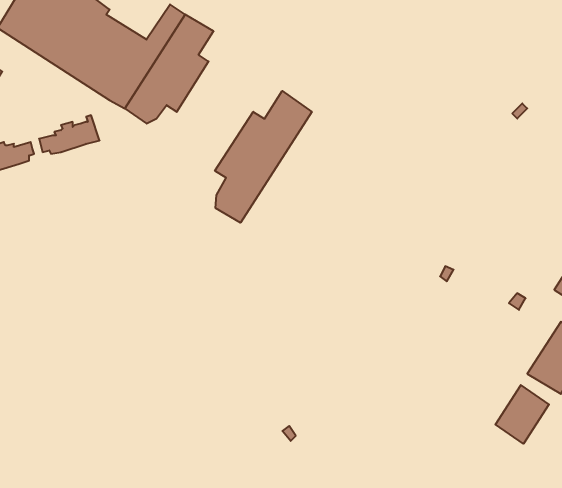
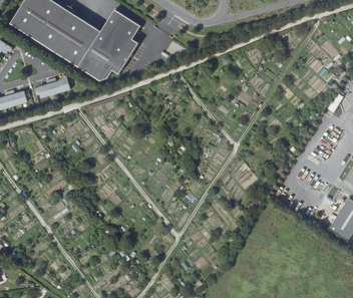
building: [215,91,312,223] -> none
building: [495,385,549,444] -> none

